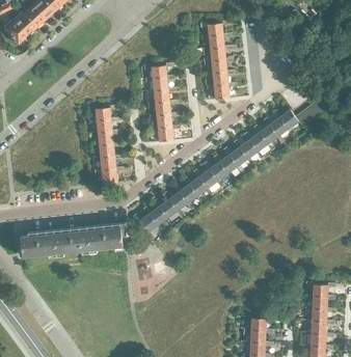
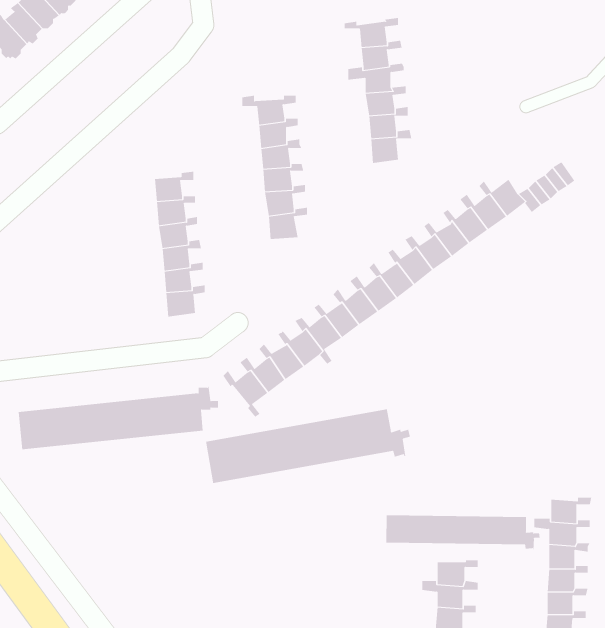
building: none -> [206,408,411,484]
building: none -> [386,515,540,550]

